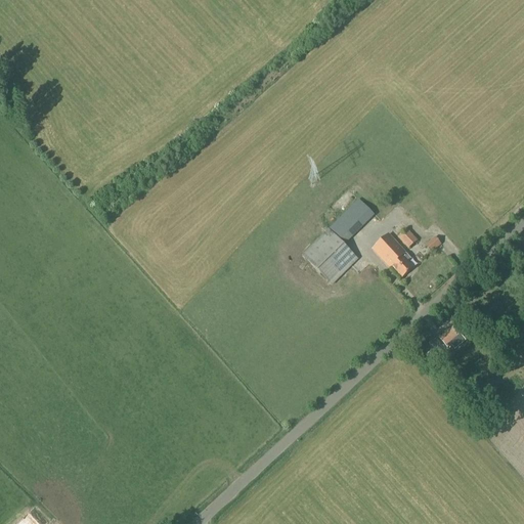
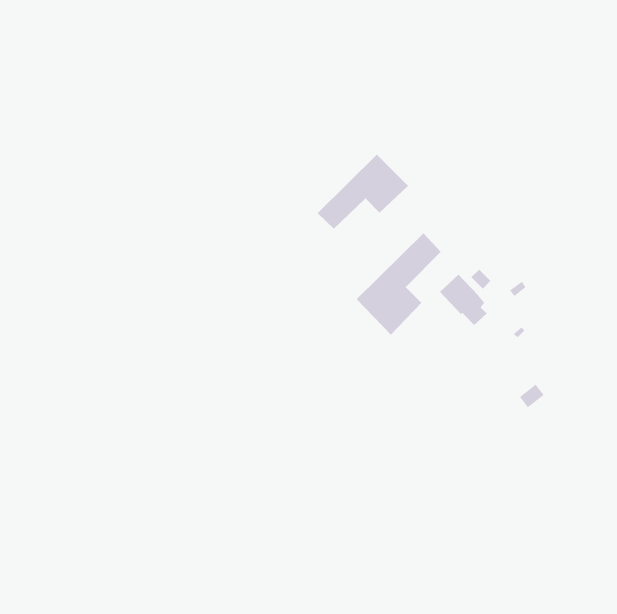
building: none -> [317,154,409,230]

